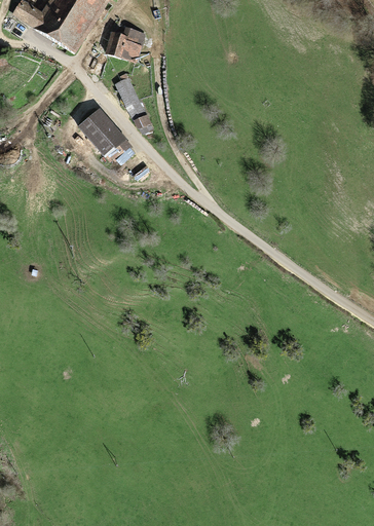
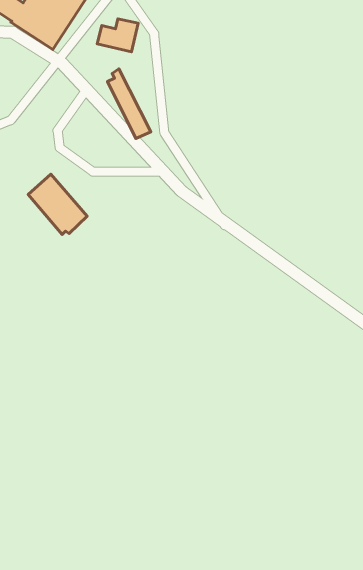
building: [80,108,134,162] -> [28,174,87,235]

